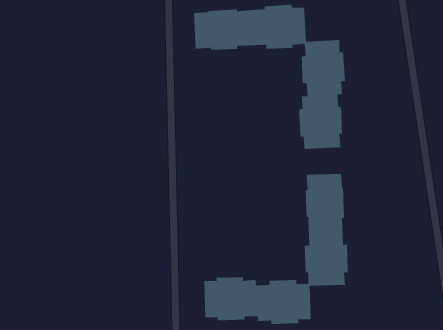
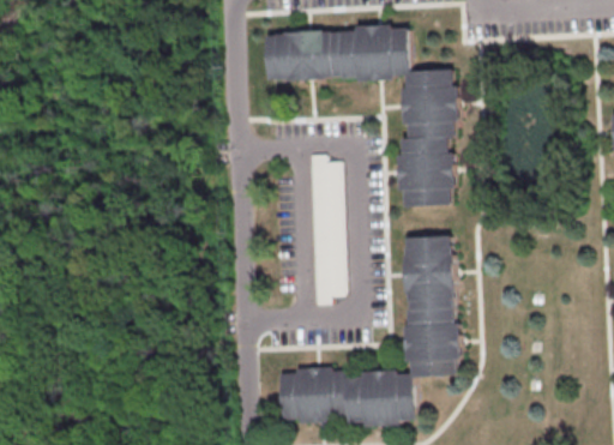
building: none -> [308,155,344,306]

